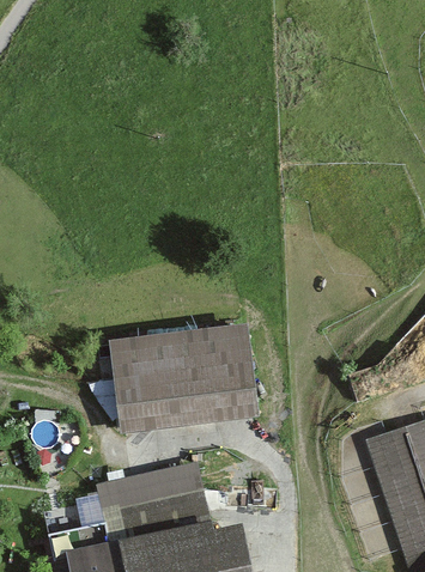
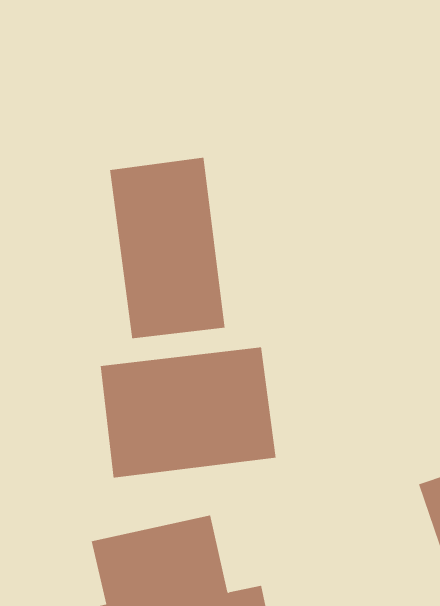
building: none -> [110,157,225,339]

